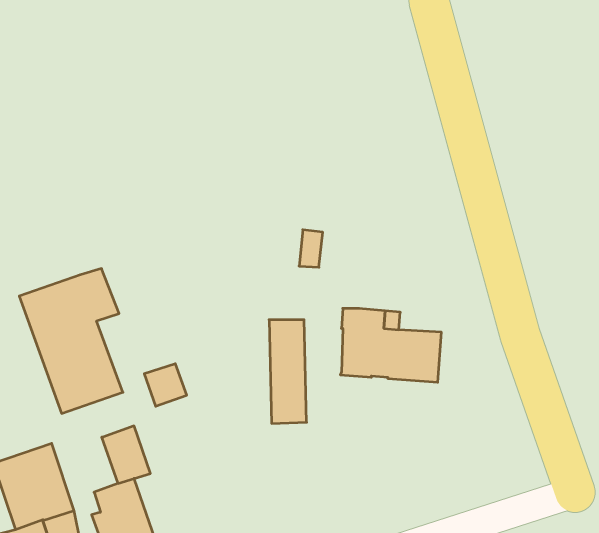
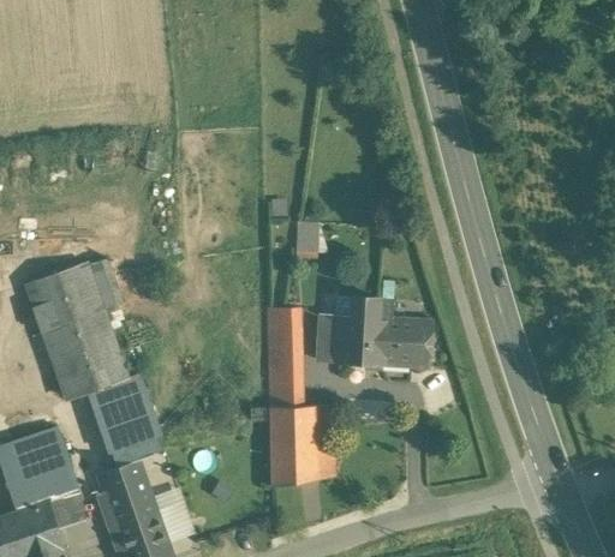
building: none -> [317,315,338,358]
building: [144,364,187,406] -> [96,379,137,420]
building: none -> [269,405,334,486]

